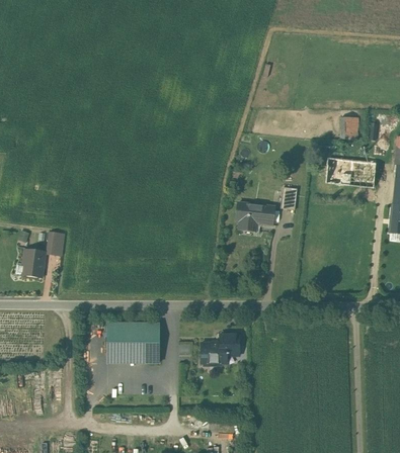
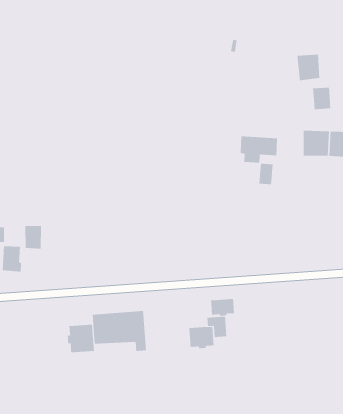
building: none -> [297,54,320,81]
building: [236,202,274,231] -> [240,136,278,163]
building: none -> [211,298,235,316]
building: none -> [67,324,94,353]

